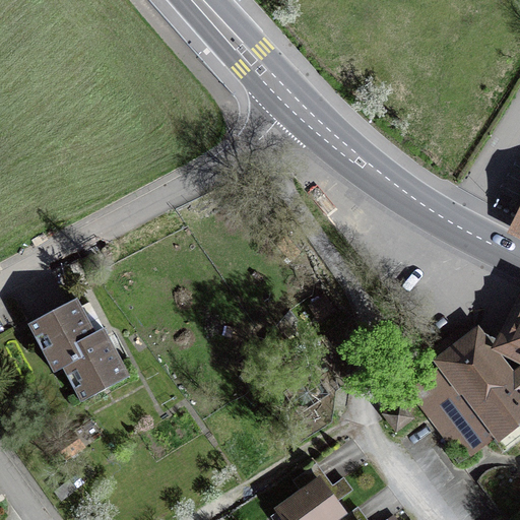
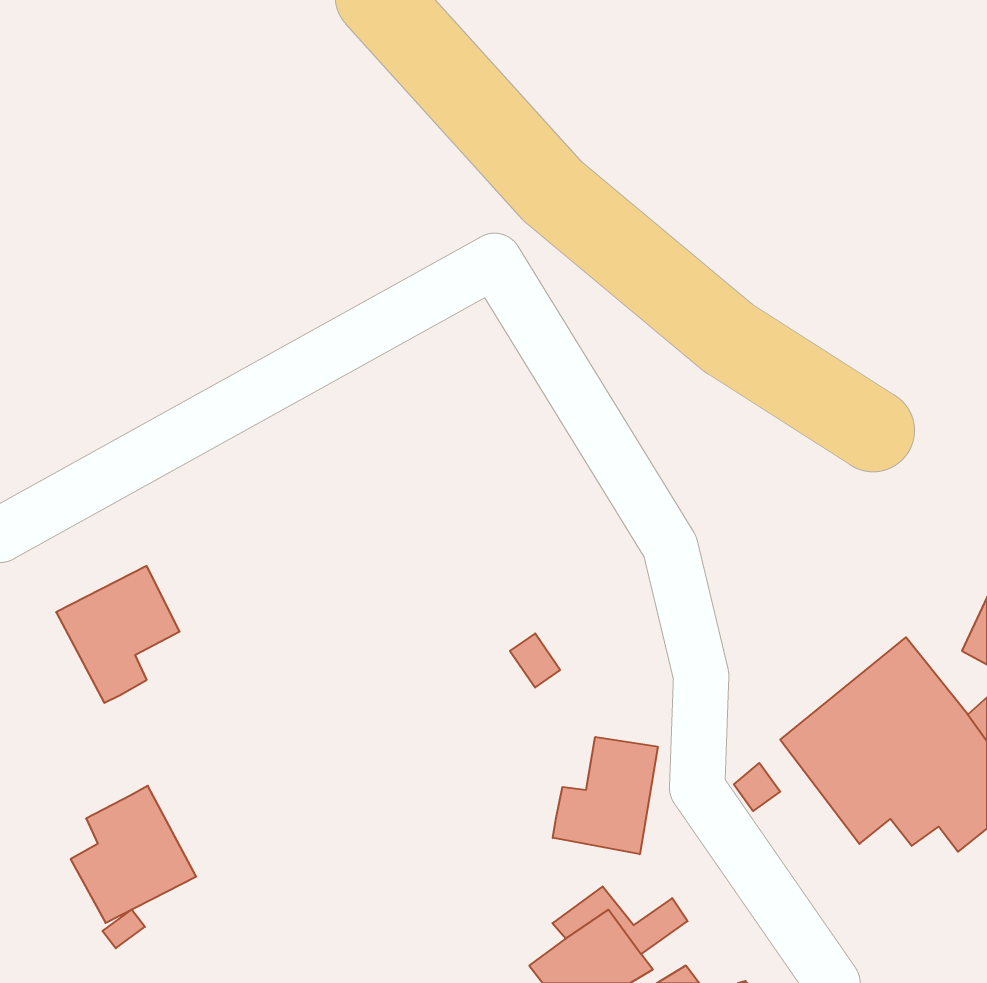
building: [63,327,129,399] -> [71,786,196,923]
building: none -> [553,737,658,854]

